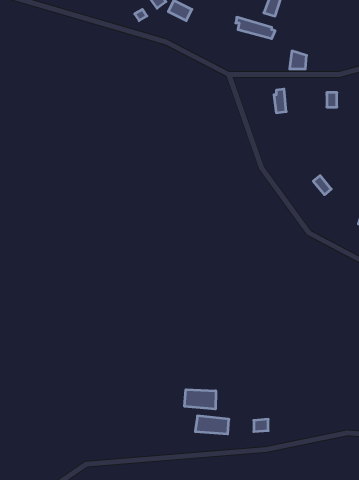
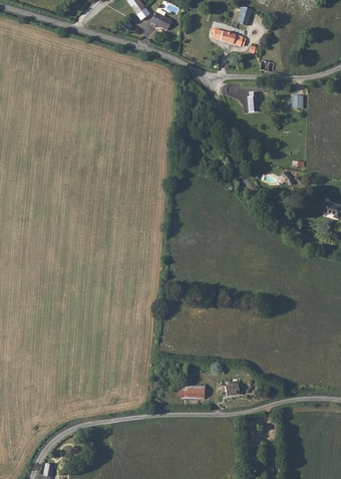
building: [185,390,216,409] -> none

